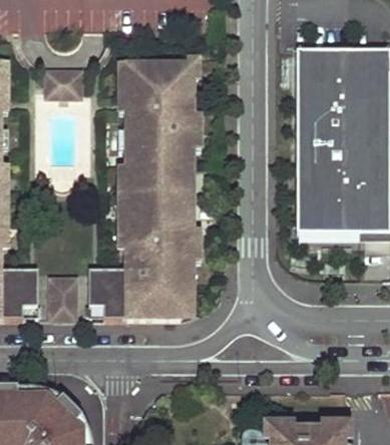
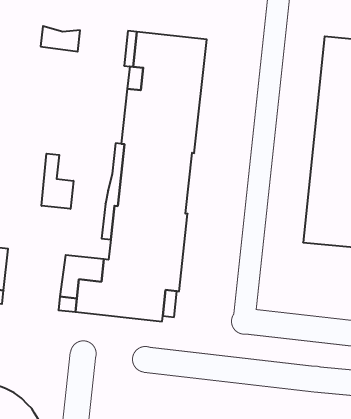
building: none -> [42,154,73,209]
building: [49,278,77,317] -> none

